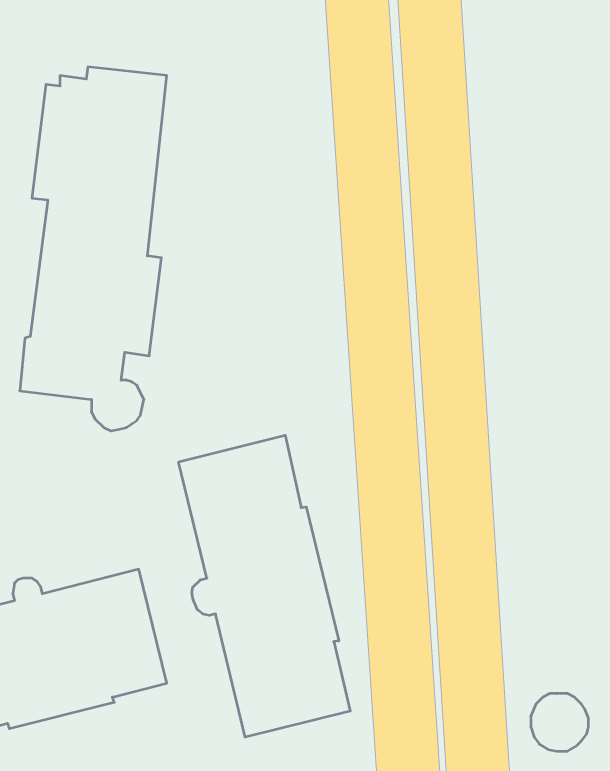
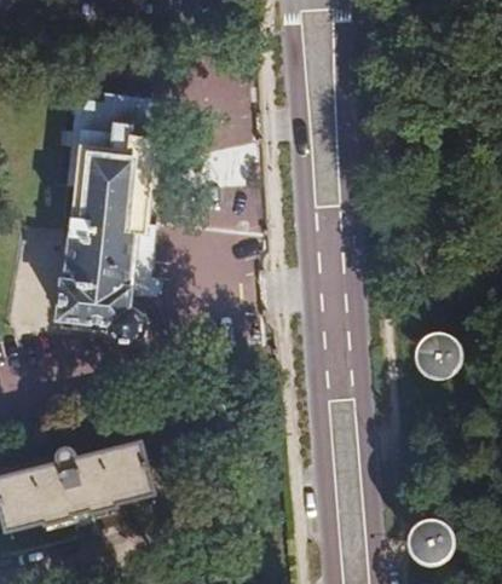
building: none -> [416,333,456,372]
building: [179,435,350,737] -> none

